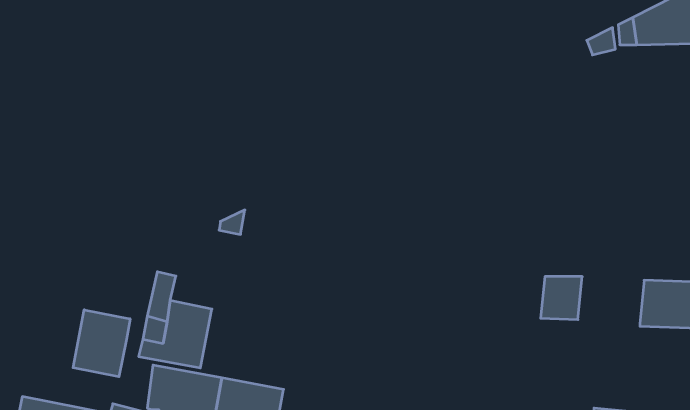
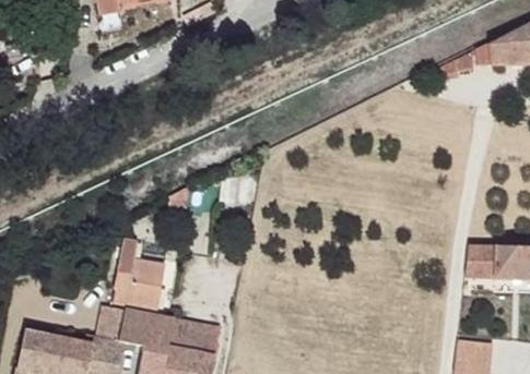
building: [541,277,582,320] -> [462,243,494,276]
building: [73,310,130,377] -> none

